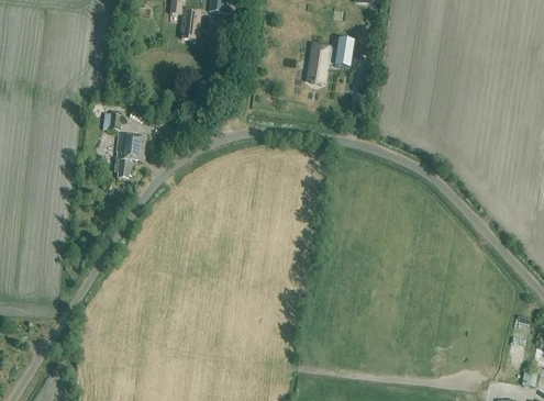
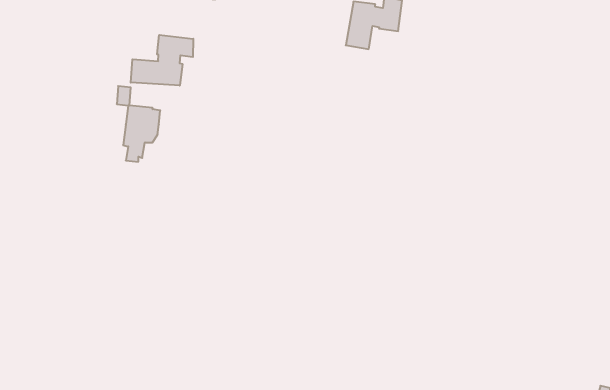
building: none -> [131,35,193,86]

